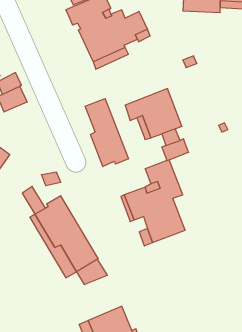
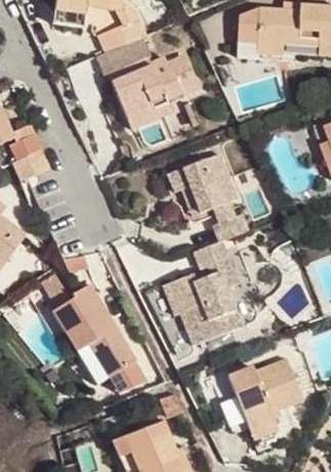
building: [85,99,128,167] -> none
building: none -> [215,357,304,438]

